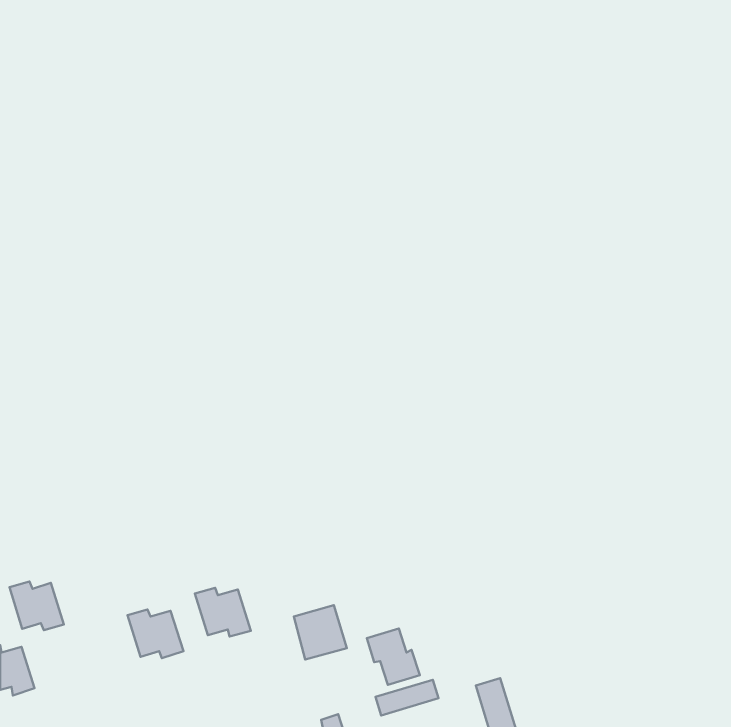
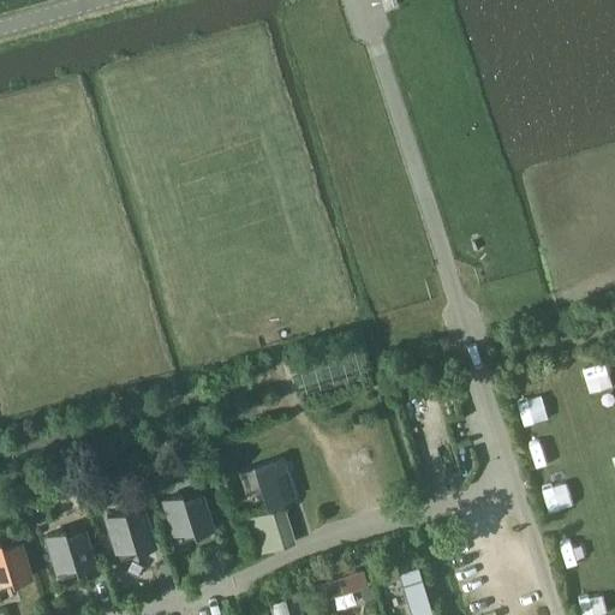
building: none -> [239,461,294,509]
building: [9,582,64,630] -> [48,533,94,574]
building: [367,629,420,685] -> none

